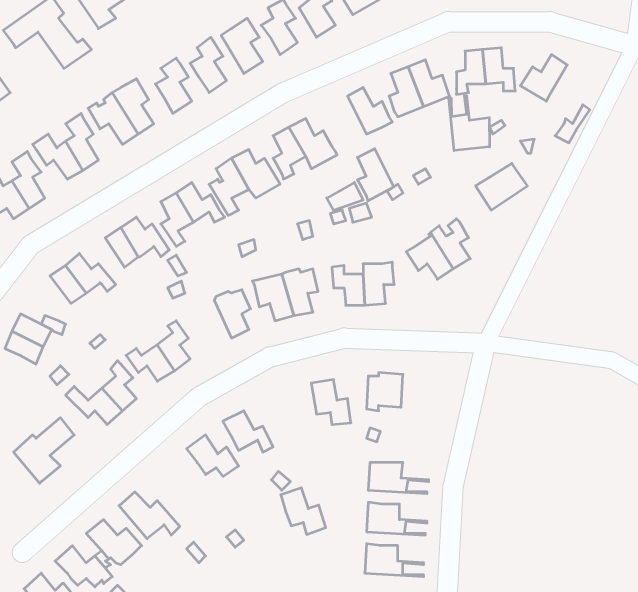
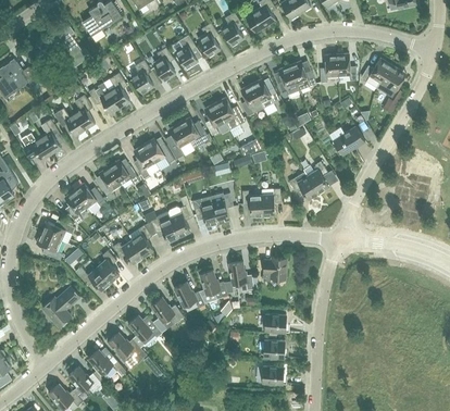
building: none -> [376,64,400,97]
building: [449,96,490,151] -> none
building: [357,149,394,201] -> [240,84,263,116]
building: none -> [150,212,178,241]
building: none -> [127,315,162,346]
building: [281,488,326,534] -> [199,270,227,299]

